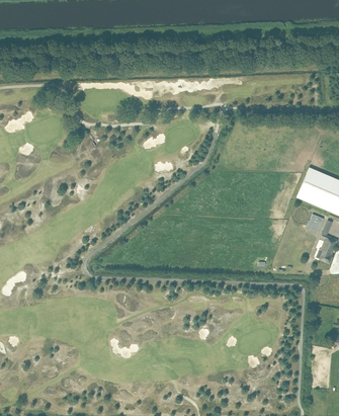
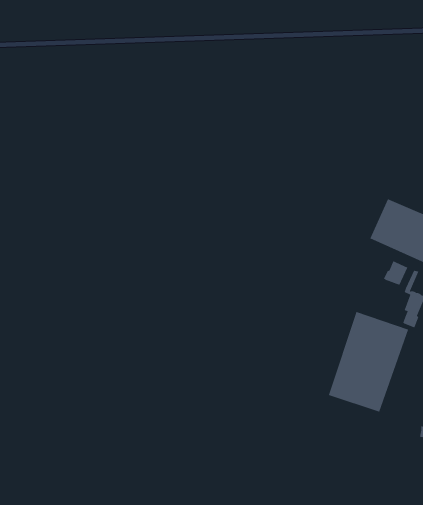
building: none -> [328,311,409,413]

